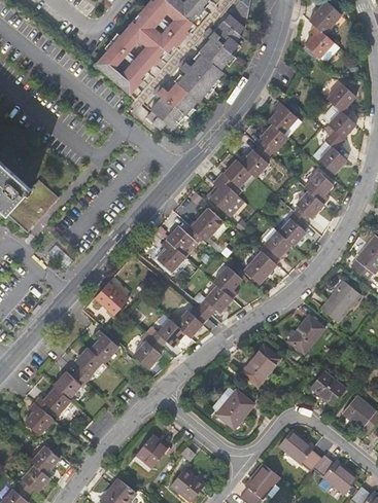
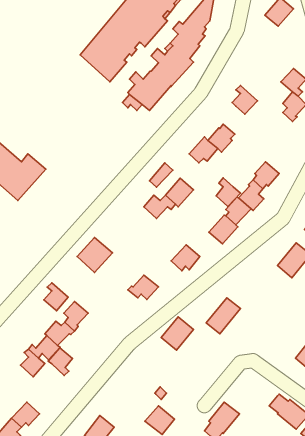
building: [303,25,331,57] -> none
building: [260,124,289,156] -> none
building: [316,132,344,171] -> none
building: [304,169,333,202] -> none
building: [212,179,240,212] -> [216,178,240,207]
building: [160,240,187,272] -> none
building: [214,265,242,296] -> none
building: [174,306,208,335] -> none
building: [289,314,325,352] -> none
building: [92,330,119,362] -> [44,283,68,311]
building: [133,334,162,366] -> none
building: [310,371,347,404] -> none
building: [215,390,252,428] -> [161,317,194,350]
building: [276,427,321,470] -> none
building: [137,432,169,464] -> none
building: [31,444,59,476] -> [48,348,72,376]

